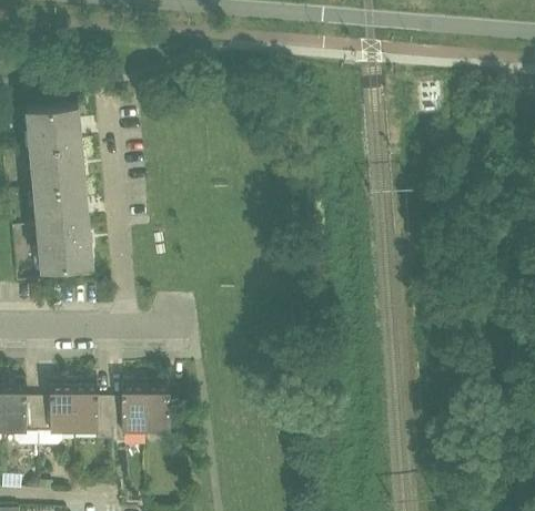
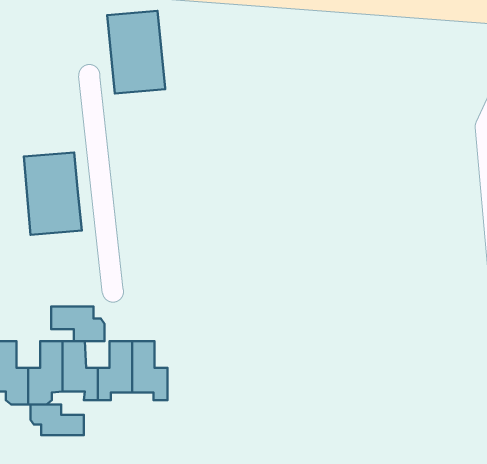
building: [24,105,84,191] -> [107,11,165,93]
building: none -> [51,307,104,341]
building: none -> [30,404,84,435]

